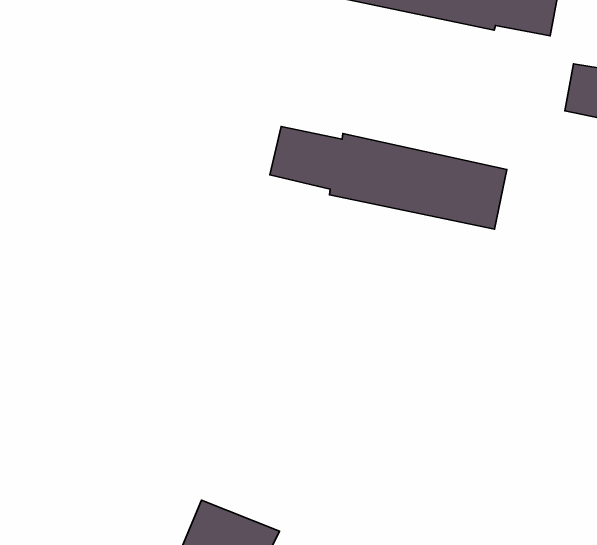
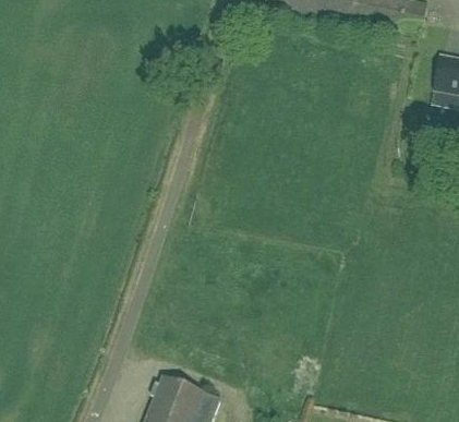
building: [270,127,507,229] -> none

